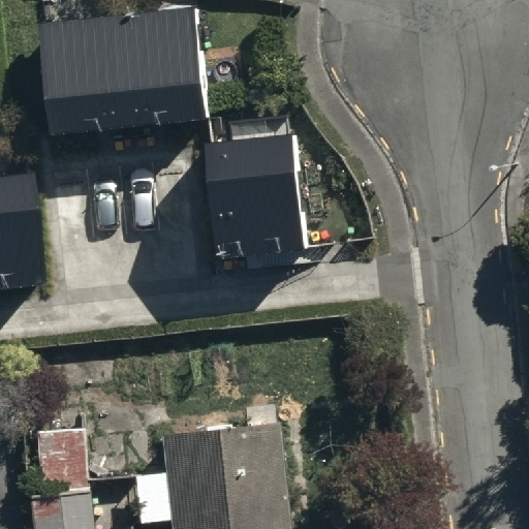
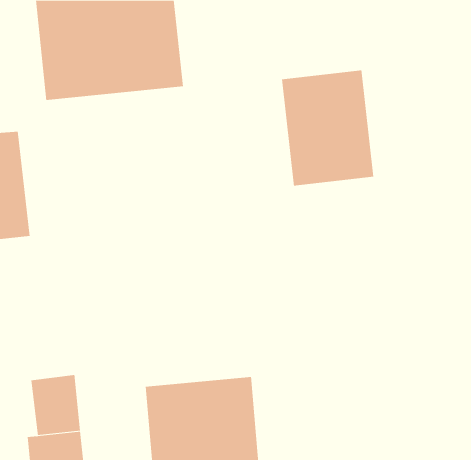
building: [203,124,306,253] -> [281,70,374,186]

